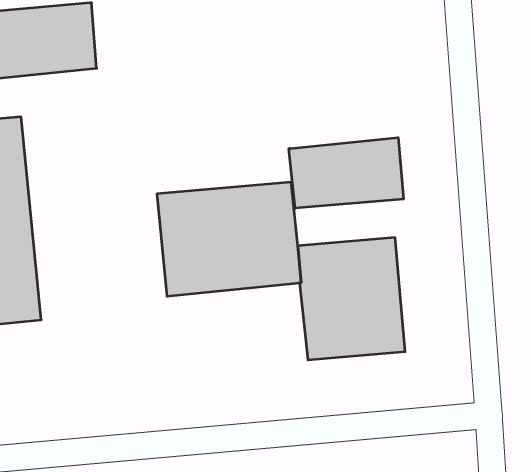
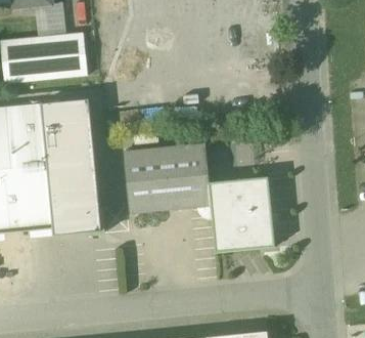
building: none -> [41,98,104,236]
building: [289,138,403,208] -> none

